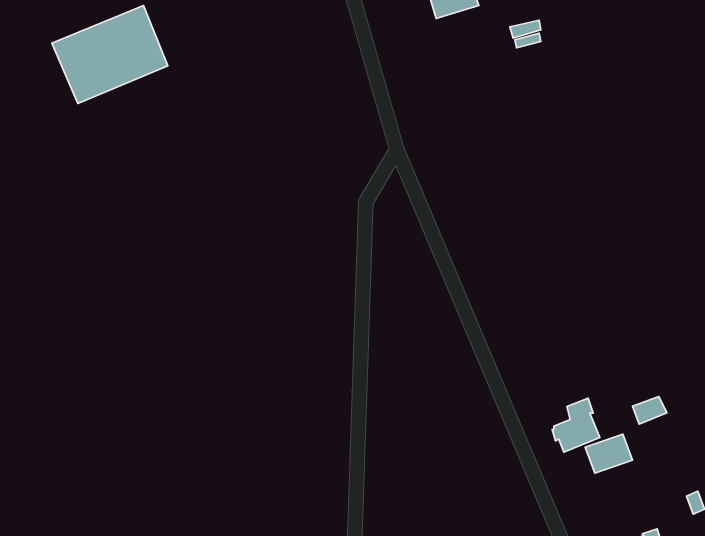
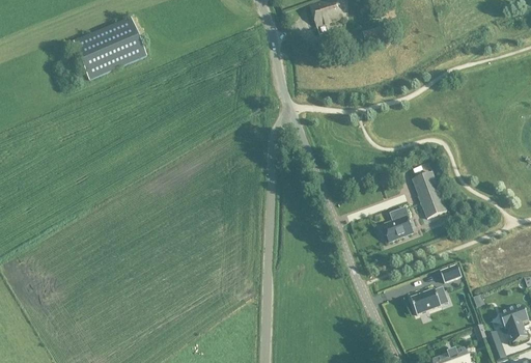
building: none -> [411,172,445,219]
building: [552,398,600,452] -> [382,207,412,242]

